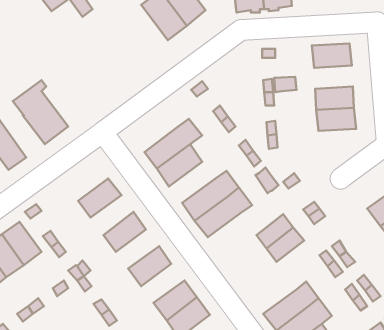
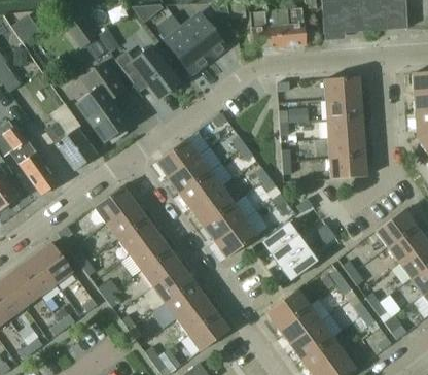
building: none -> [116,47,179,98]
building: none -> [76,61,130,143]
building: none -> [326,98,362,120]
building: none -> [156,139,199,178]
building: none -> [330,157,366,179]
building: none -> [95,186,135,224]
building: none -> [191,188,235,226]
building: none -> [118,218,158,255]
building: none -> [262,223,297,255]
building: none -> [142,250,182,286]
building: none -> [166,282,206,318]
building: none -> [266,289,310,329]

